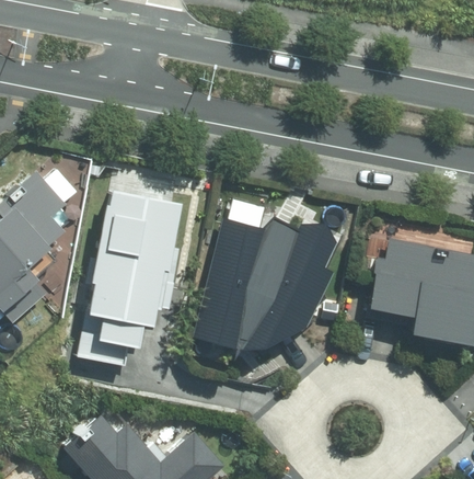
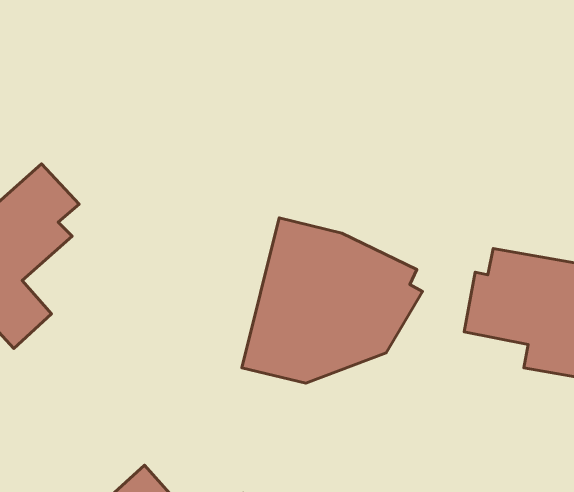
building: [92,193,181,347] -> none

